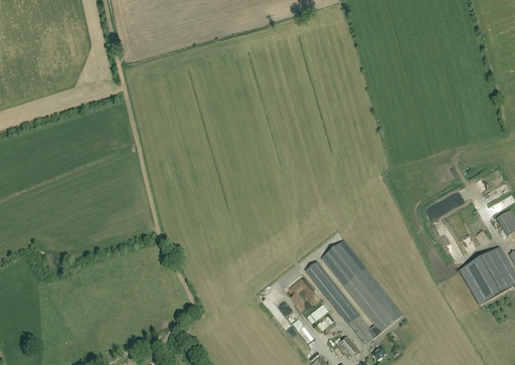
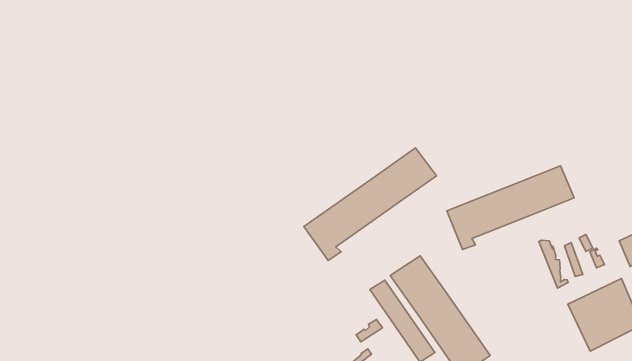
building: none -> [304,148,436,260]
building: none -> [447,166,574,250]

